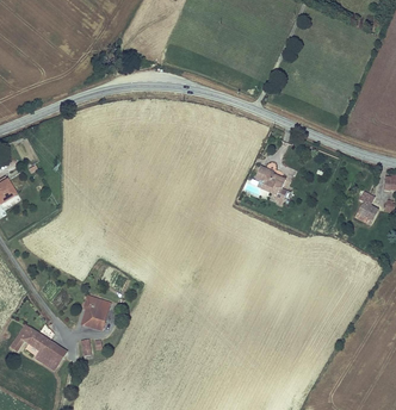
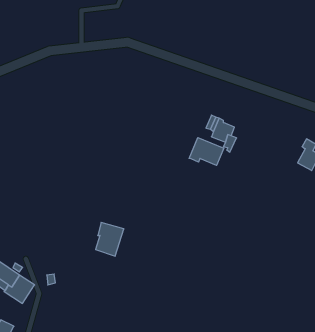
building: none -> [189,138,224,165]
building: [80,294,111,331] -> [96,222,124,256]

